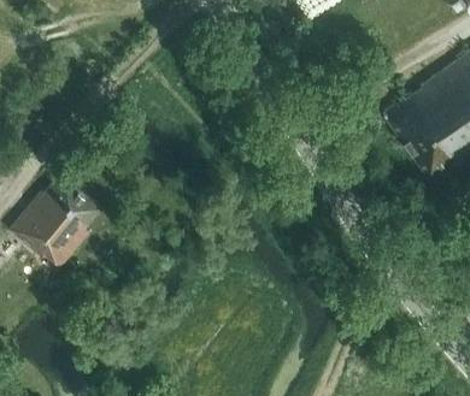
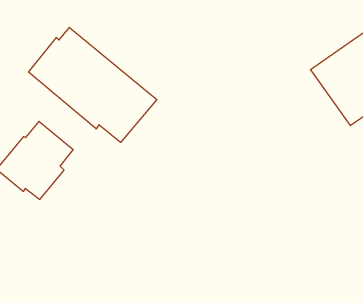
building: none -> [28,27,157,142]

